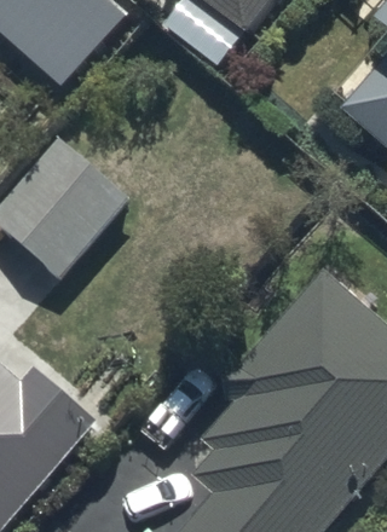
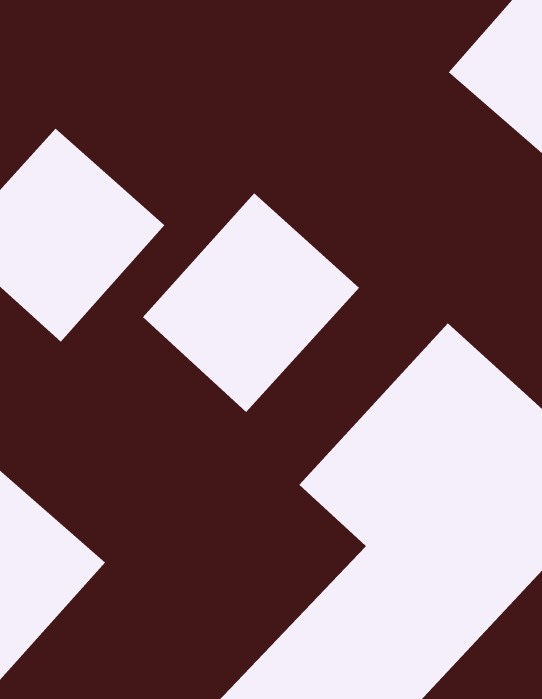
building: none -> [142,192,360,413]

